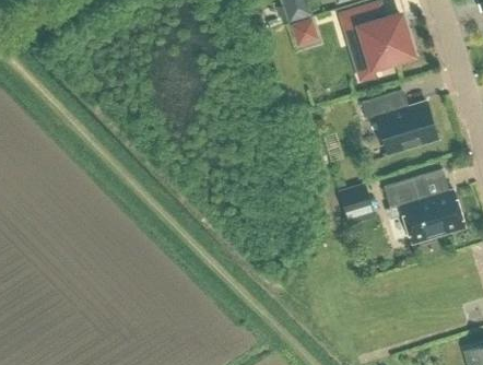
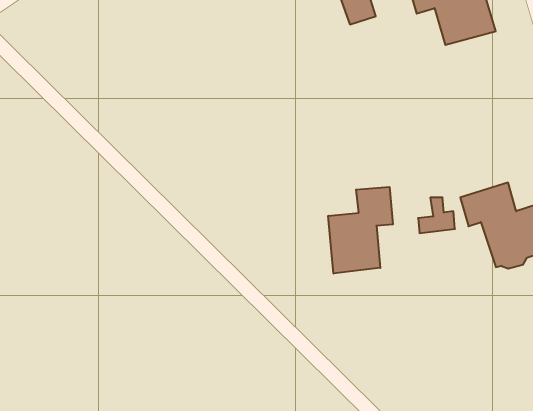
building: [362,89,436,151] -> none
building: none -> [328,187,393,274]

